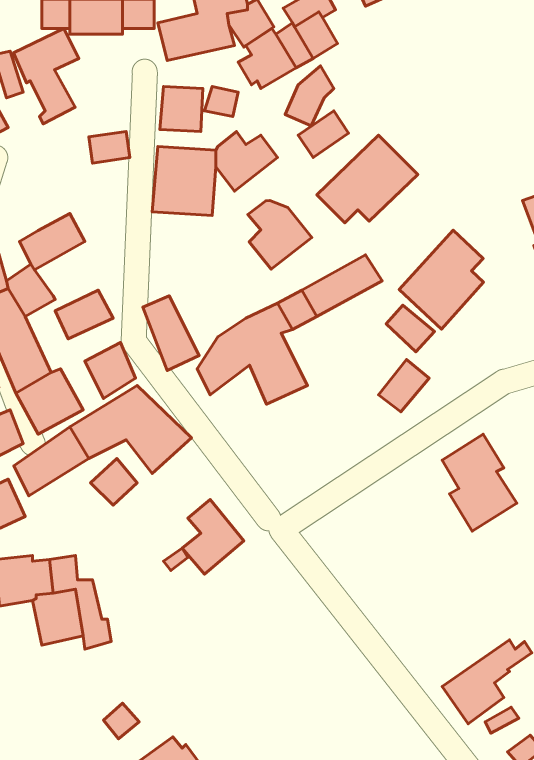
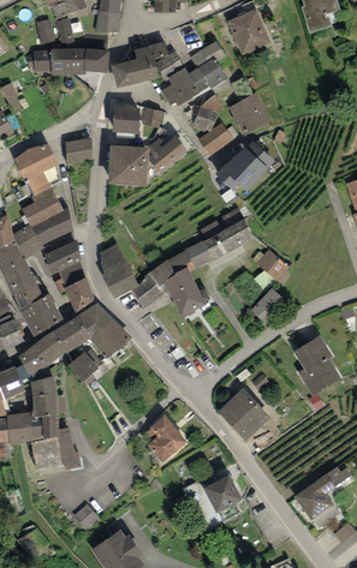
building: [13,29,79,124] -> [14,140,56,202]
building: none -> [228,96,270,139]
building: [248,200,312,269] -> none
building: [399,230,484,329] -> none
building: none -> [31,209,73,244]
building: none -> [30,372,65,414]
building: [182,500,244,574] -> [147,413,186,461]
building: none -> [218,387,272,440]
building: none -> [203,471,243,509]

